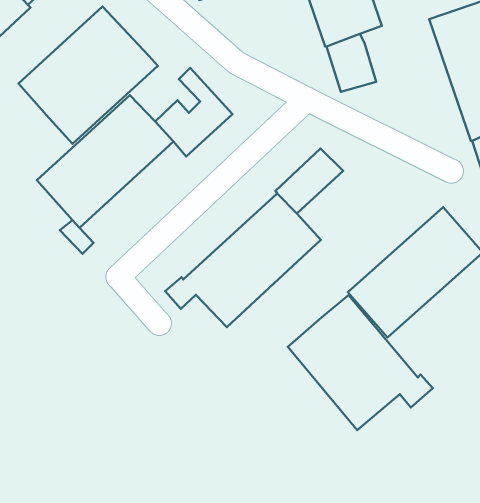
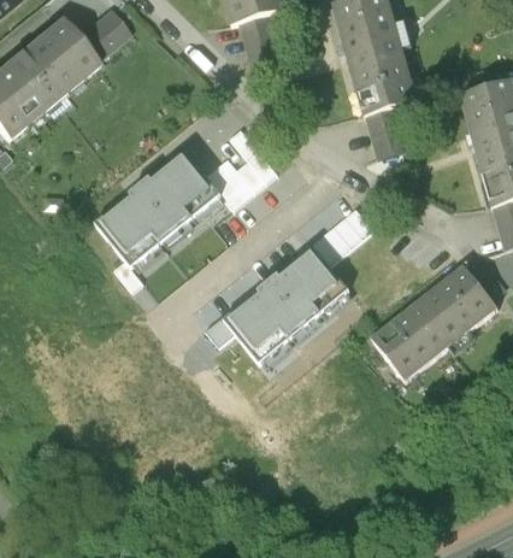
building: [18,7,158,144] -> none
building: [288,295,433,430] -> none

